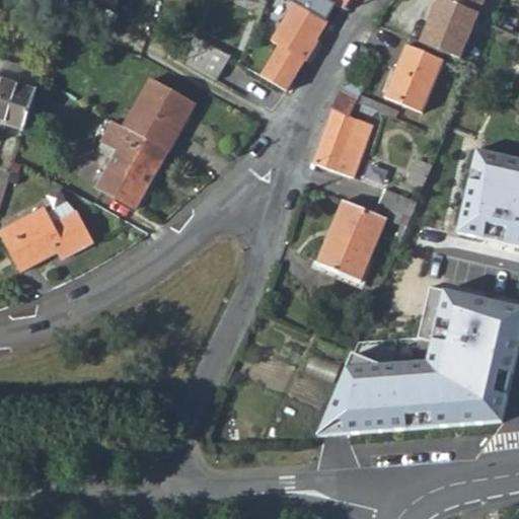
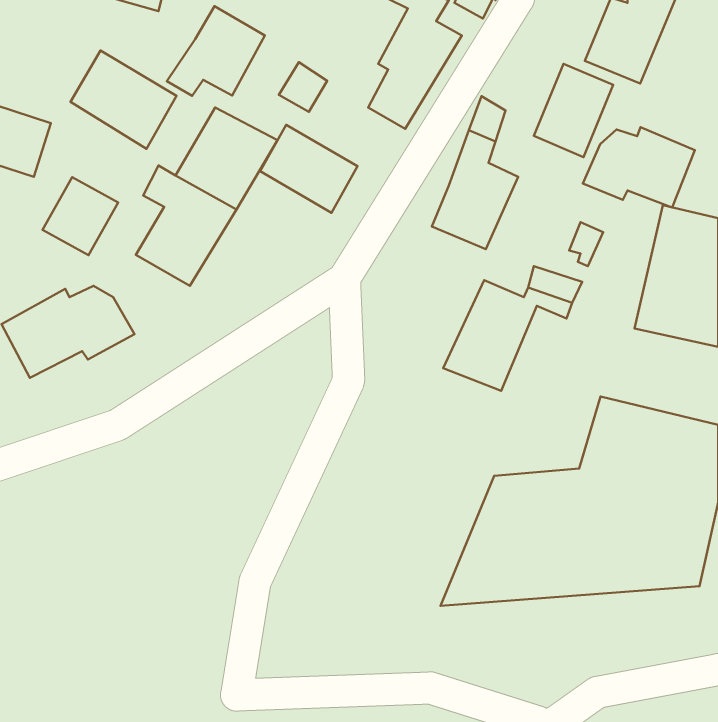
building: none -> [167,6,265,96]
building: none -> [71,50,177,149]
building: none -> [260,125,358,213]
building: none -> [583,127,695,207]
building: none -> [42,177,118,255]

